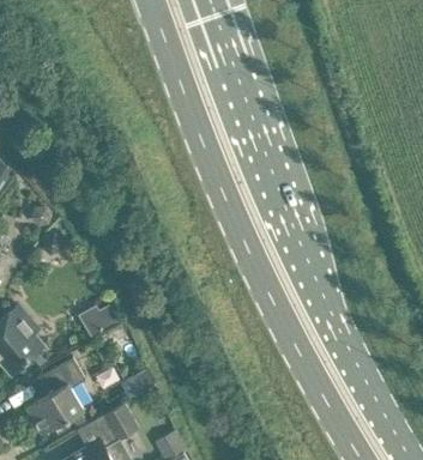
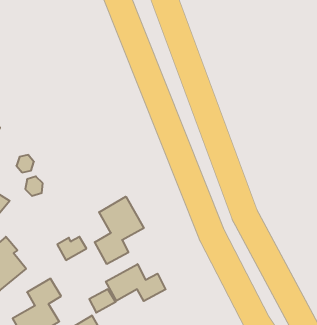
building: none -> [95,197,144,264]
building: none -> [106,264,166,301]

